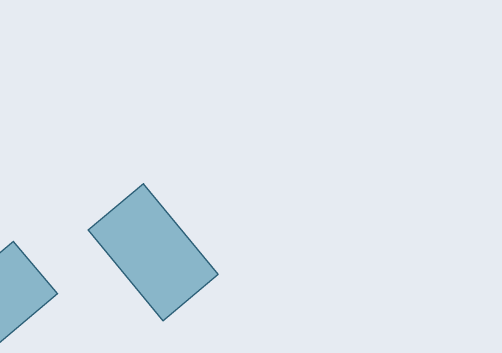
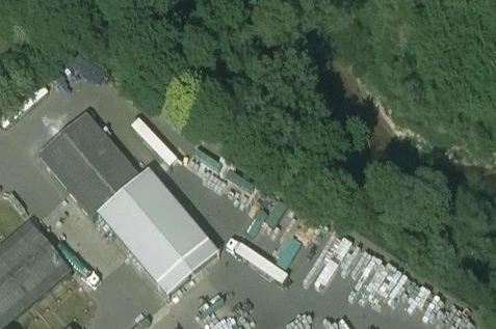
building: none -> [38,116,137,217]

